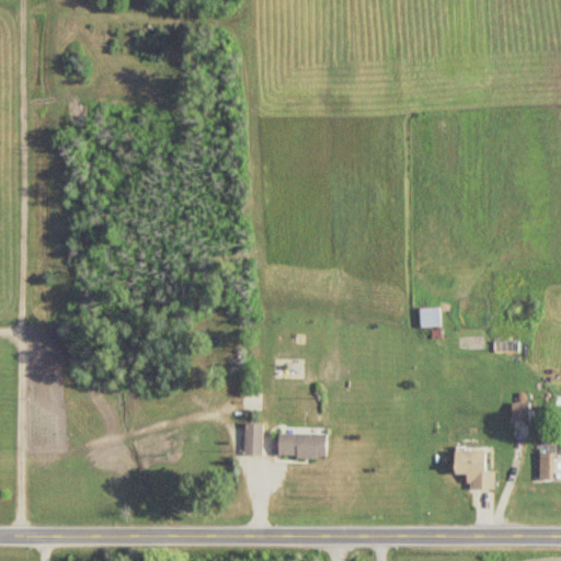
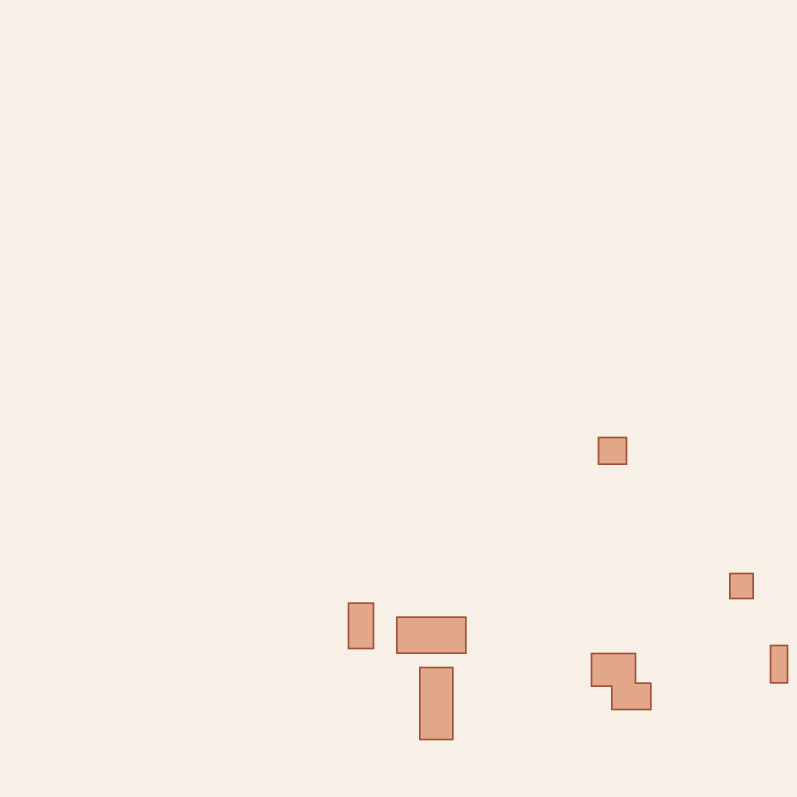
building: [454,449,495,489] -> [592,653,651,710]
building: none -> [420,668,453,740]

